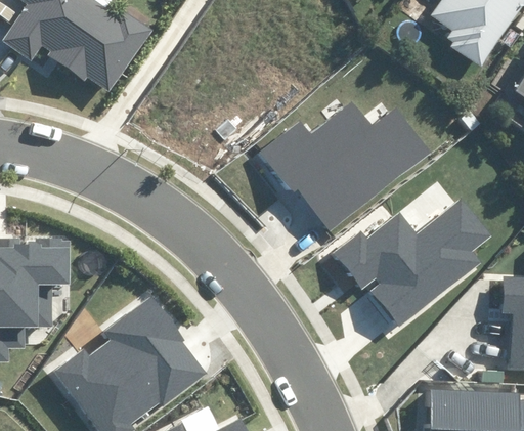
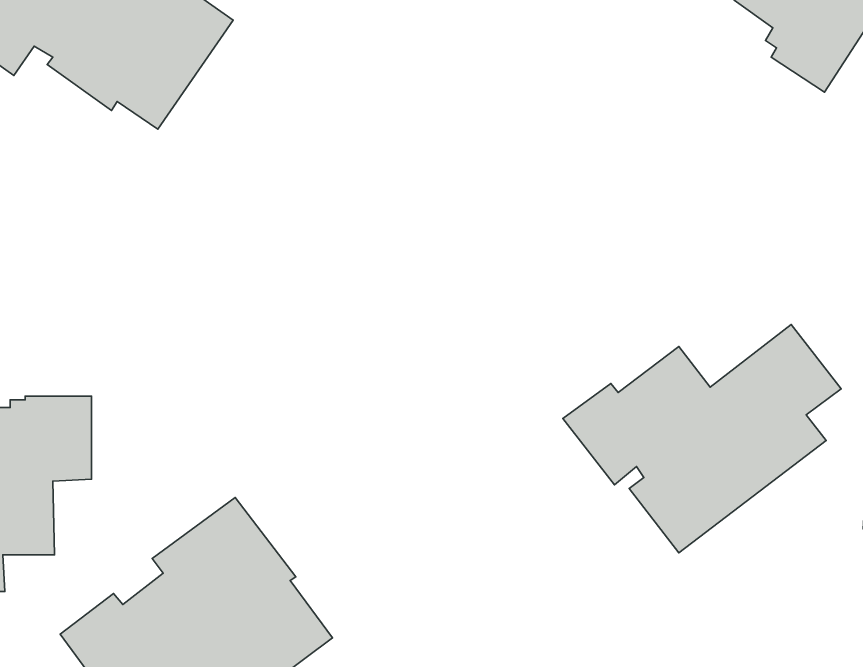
building: [259,102,432,231] -> none

